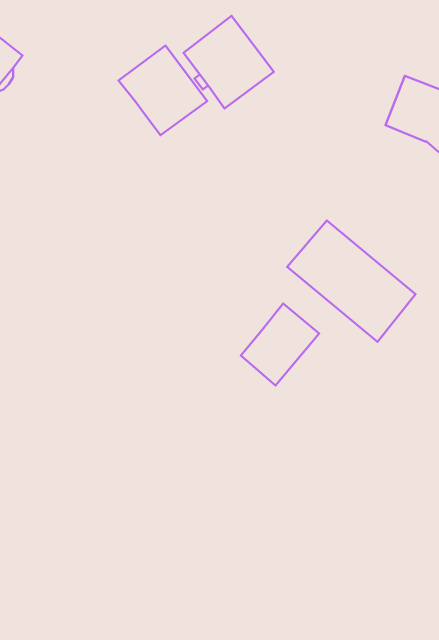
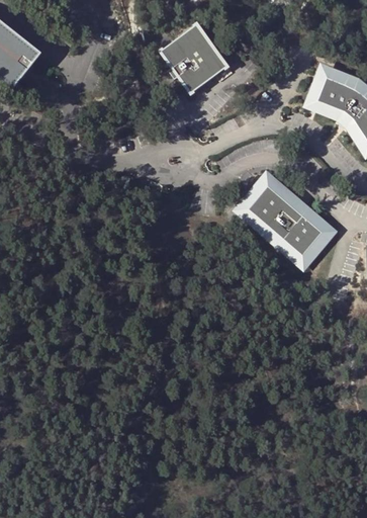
building: [119,45,207,135] -> none
building: [241,303,319,385] -> none

